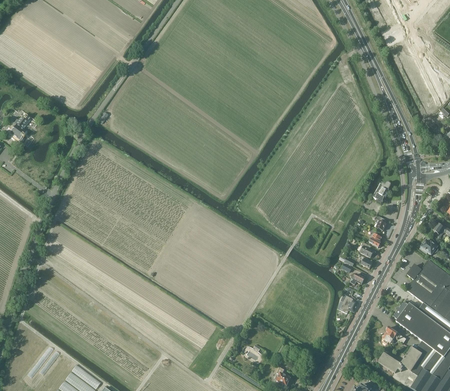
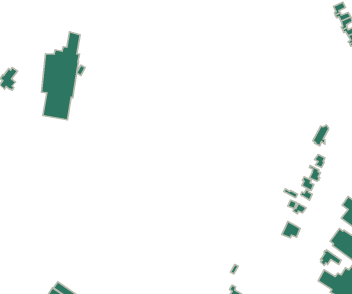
building: none -> [42,32,80,120]

